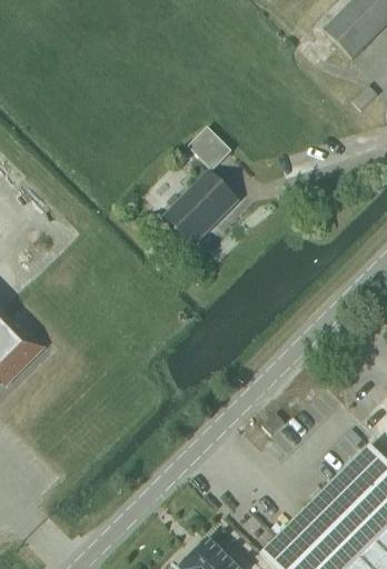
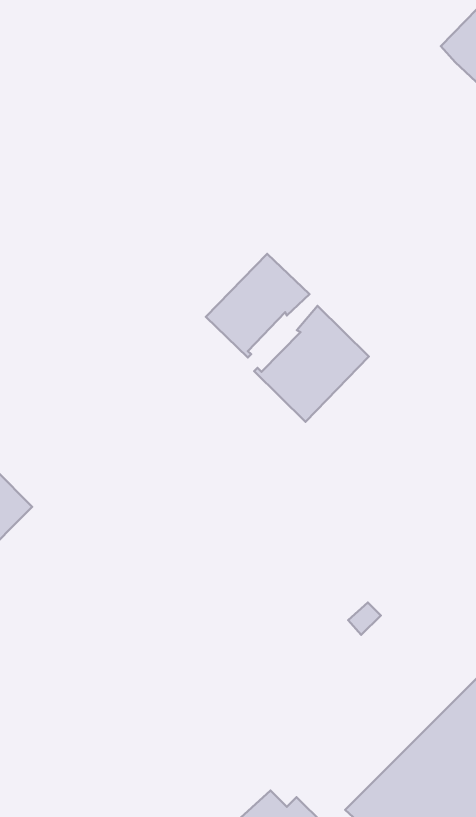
building: [186,129,229,171] -> none
building: none -> [254,306,369,422]

